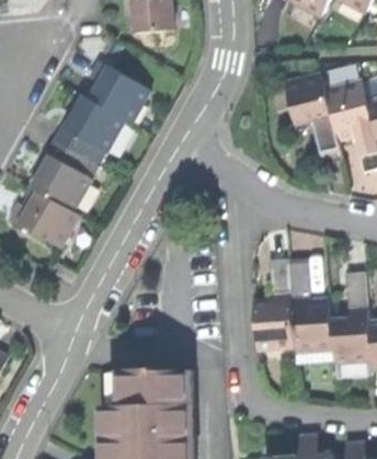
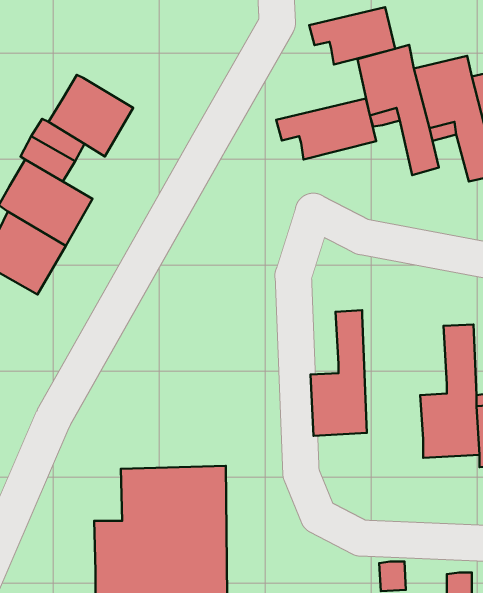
building: none -> [309,7,395,64]
building: [90,60,150,122] -> none
building: none -> [276,98,376,160]
building: [286,262,329,352] -> none

